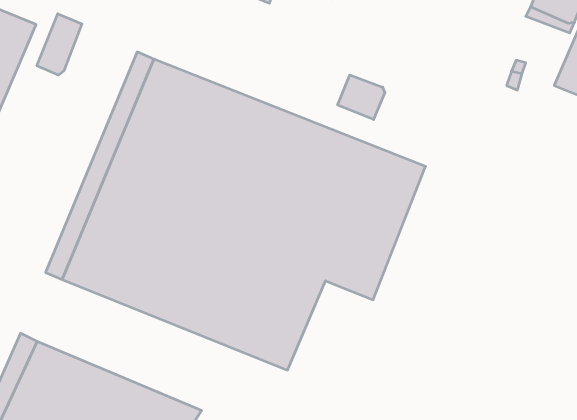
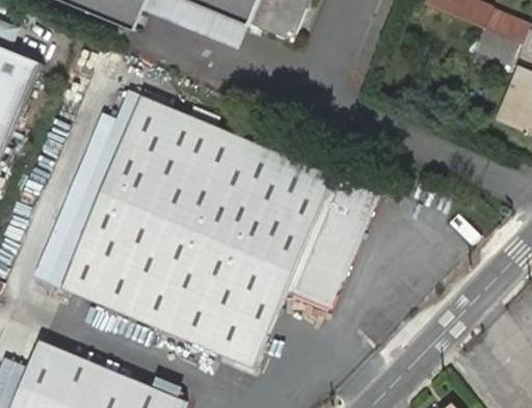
building: [37,14,82,75] -> none
building: [338,75,385,120] -> none

